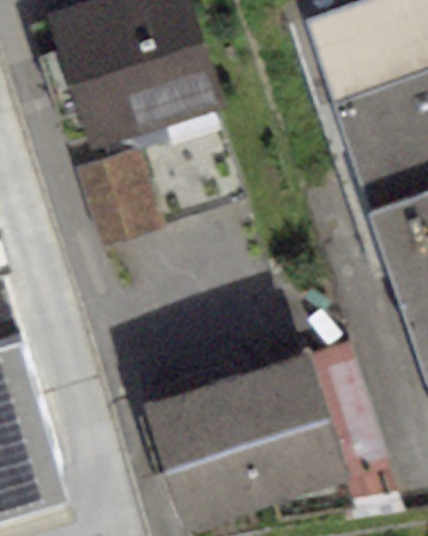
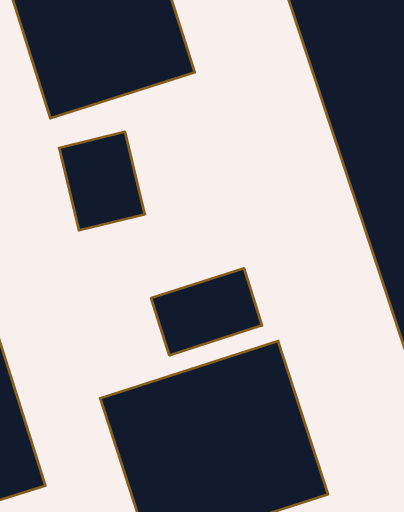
building: none -> [151,268,262,355]

